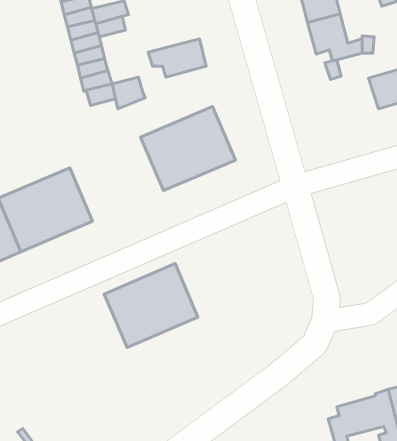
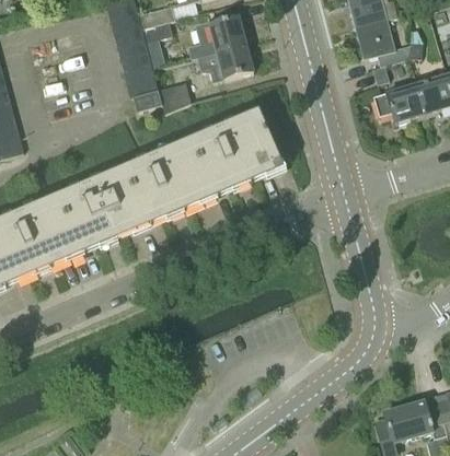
building: none -> [193,15,246,56]
building: none -> [373,82,426,122]
building: [104,264,198,348] -> [116,141,210,225]

